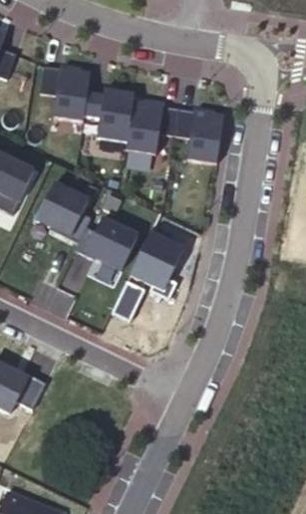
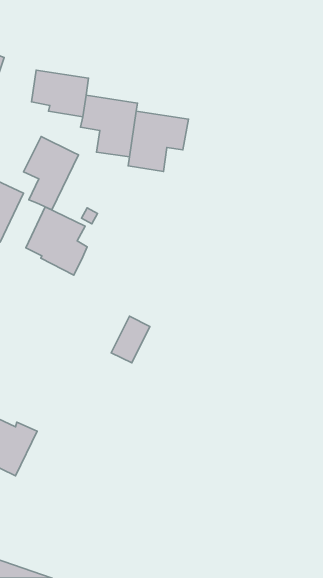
building: [173,106,223,162] -> none
building: none -> [24,137,78,210]
building: [73,219,135,270] -> none
building: [128,226,183,299] -> none

